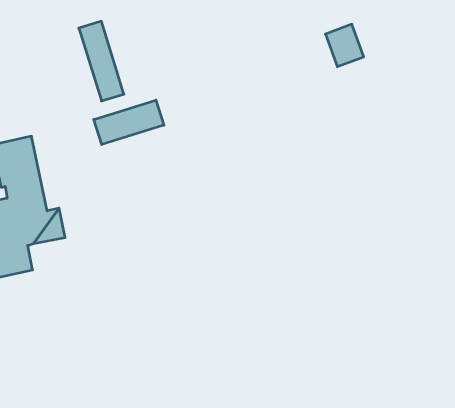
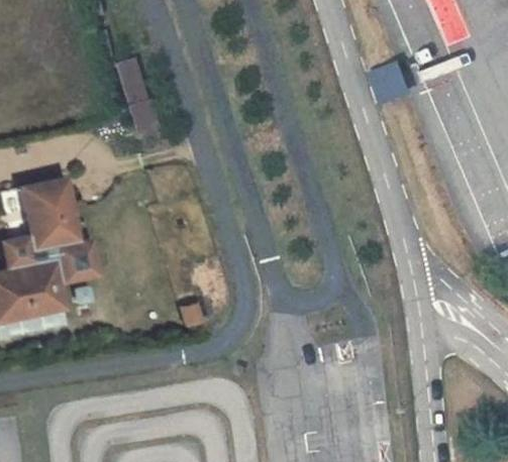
building: [94,100,164,145] -> none

